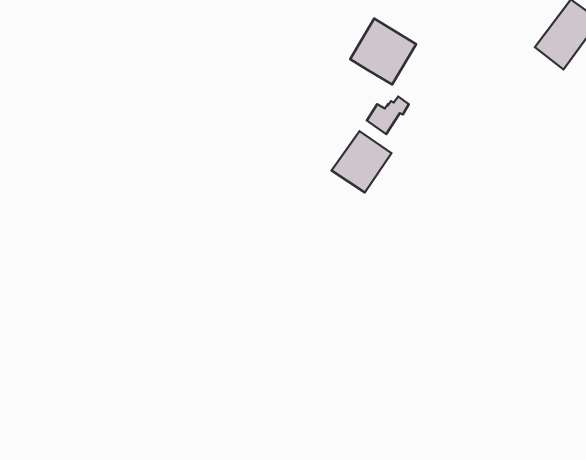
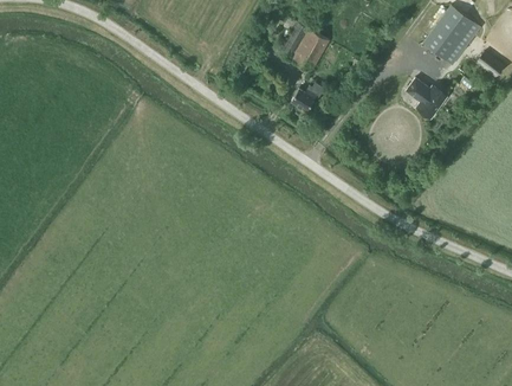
building: none -> [406,78,447,118]
building: [331,131,392,193] -> none

